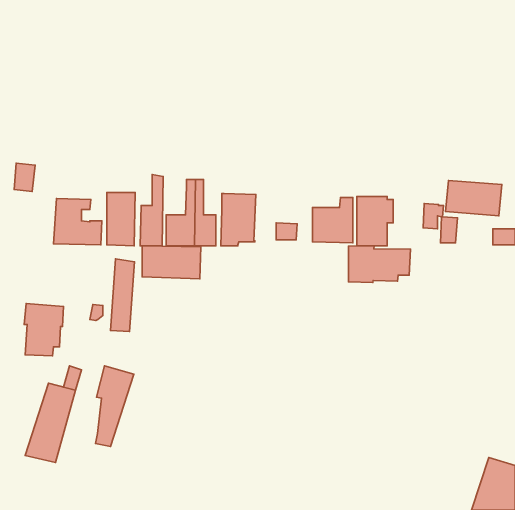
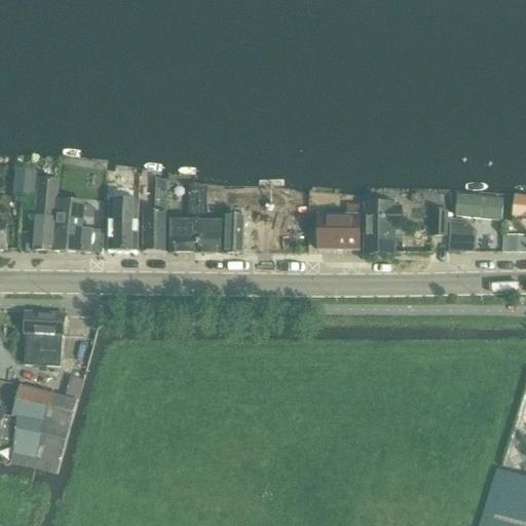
building: [142,246,201,279] -> none
building: [348,246,411,282] -> none
building: [110,259,135,332] -> [33,175,58,249]
building: [95,366,134,447] -> [10,382,49,464]

